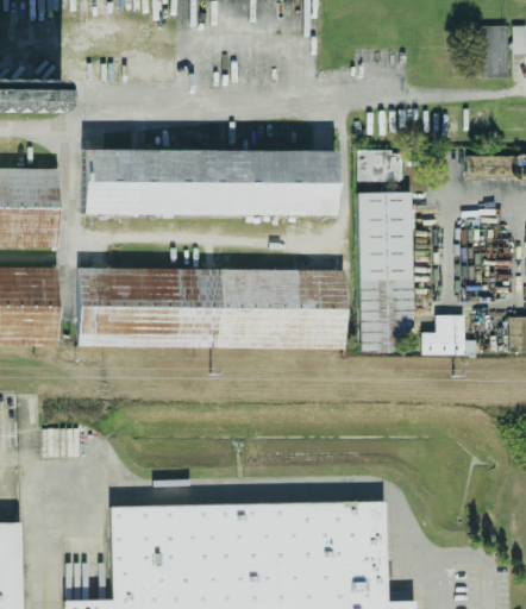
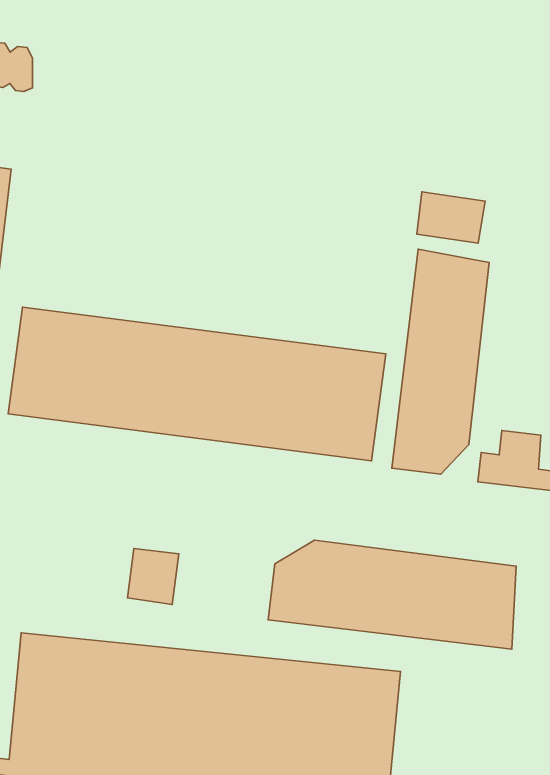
building: [82,149,336,216] -> none
building: none -> [268,540,516,649]
building: none -> [128,549,179,605]

